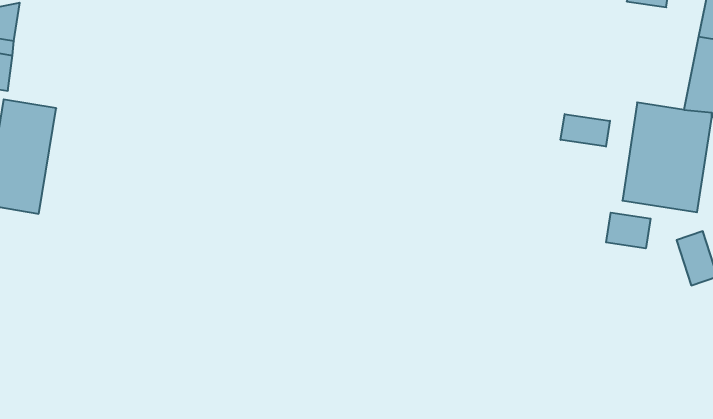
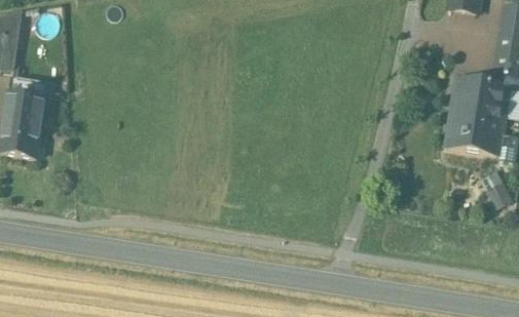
building: [561,114,610,147] -> none
building: [606,213,651,248] -> none

